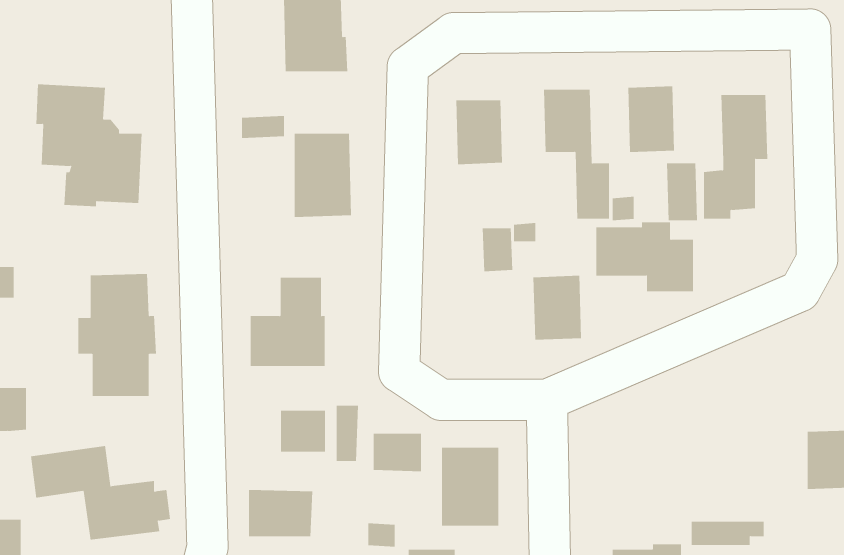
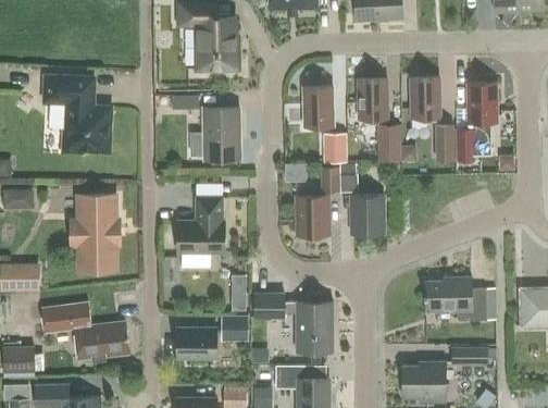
building: none -> [323,132,346,161]
building: [595,222,694,292] -> [424,279,485,322]
building: none -> [298,195,327,235]
building: [280,410,326,452] -> [219,313,247,339]

